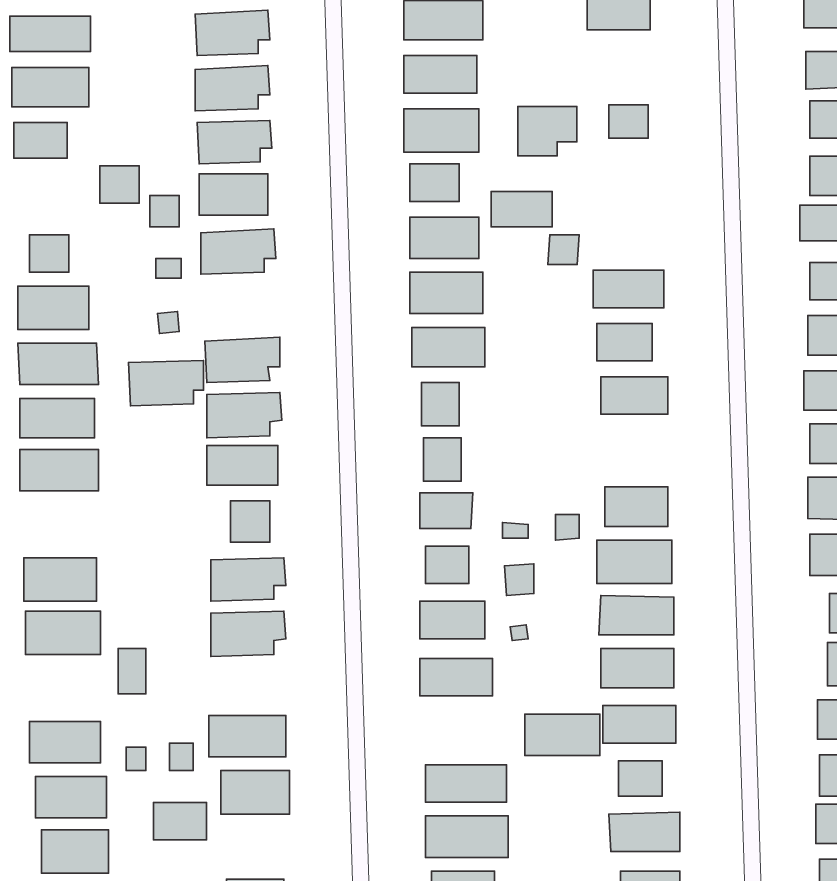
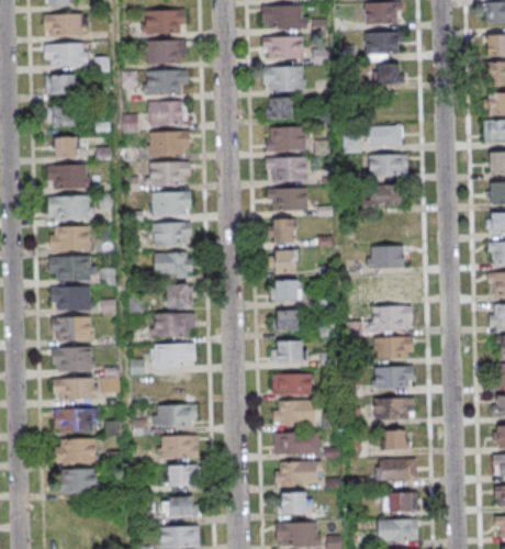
building: [518,107,577,156] -> [364,32,397,59]
building: [100,166,139,203] -> [52,105,74,126]
building: [491,191,552,227] -> [367,126,401,146]
building: [129,361,203,406] -> [149,164,191,189]
building: none -> [367,246,406,268]
building: none -> [50,285,91,310]
building: none -> [52,377,98,400]
building: [525,714,600,756] -> [273,400,315,423]
building: [153,802,207,840] -> [167,464,197,485]

